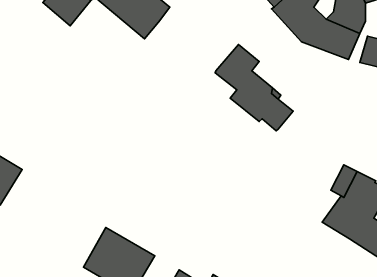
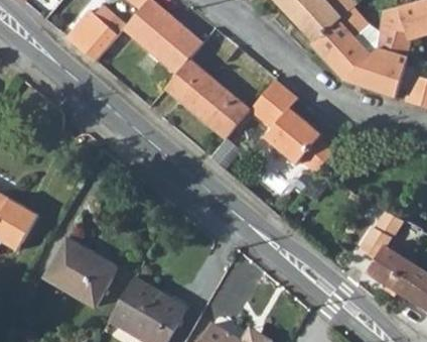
building: none -> [163,56,251,140]
building: none -> [43,243,119,310]

